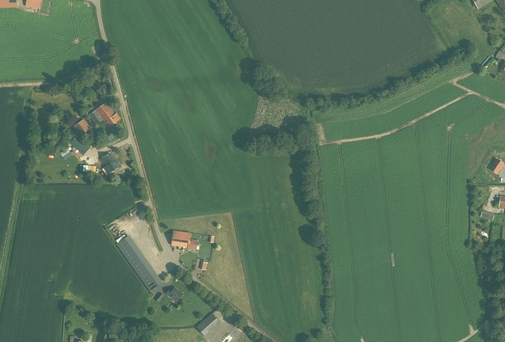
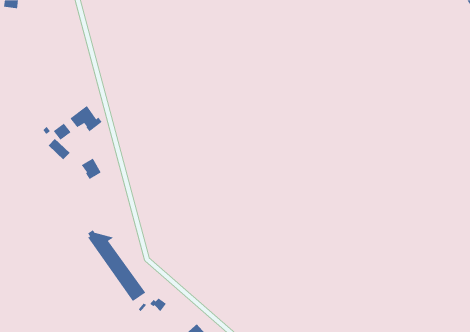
building: [172,226,198,250] -> none

